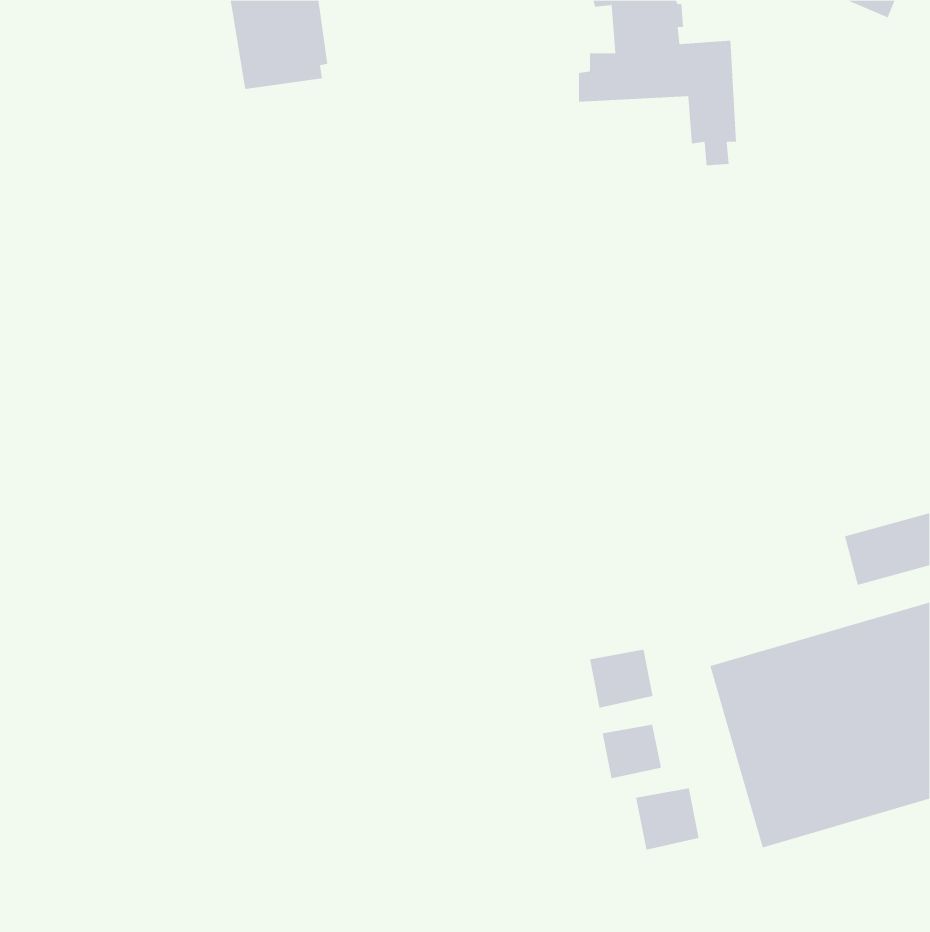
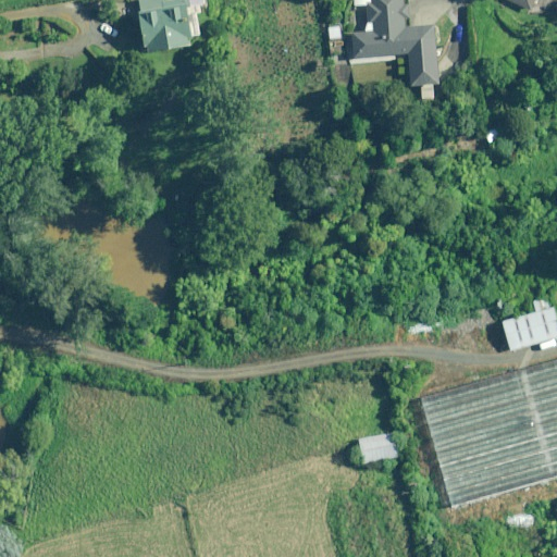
building: [589,649,653,709] -> none
building: [636,787,699,850] -> none

